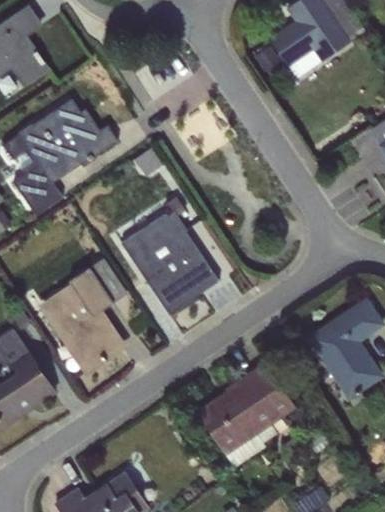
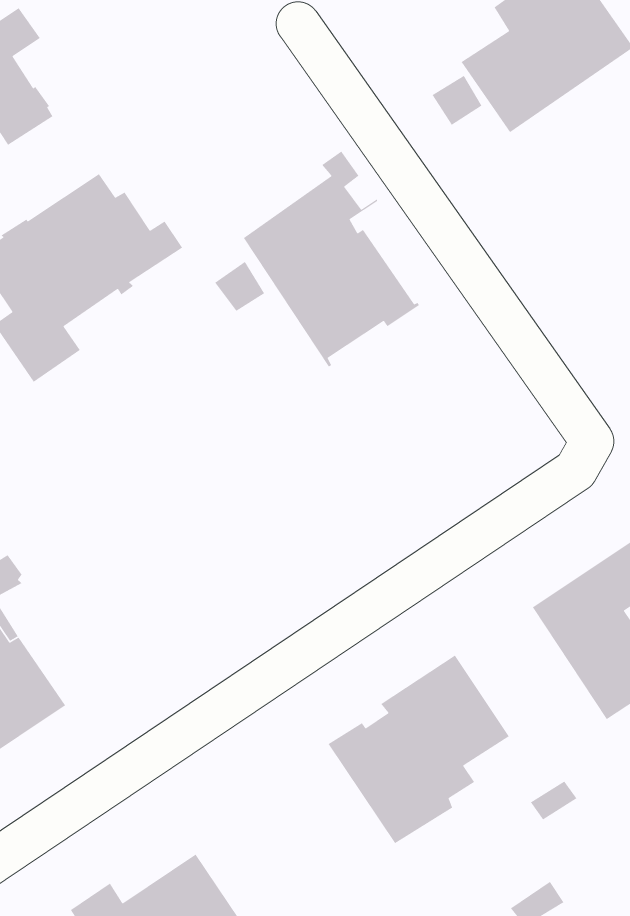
building: [121,196,218,315] -> [243,150,420,367]
building: [41,257,127,370] -> none

